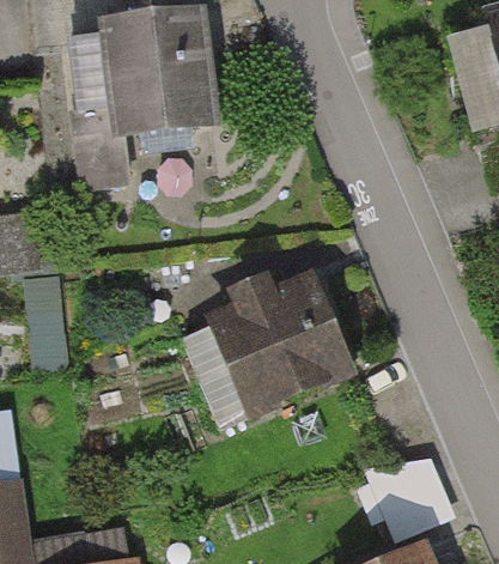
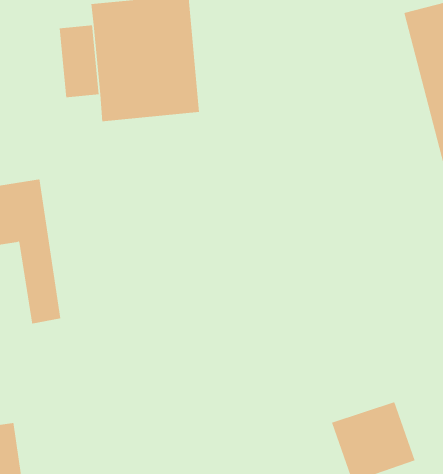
building: [201,272,359,420] -> none

